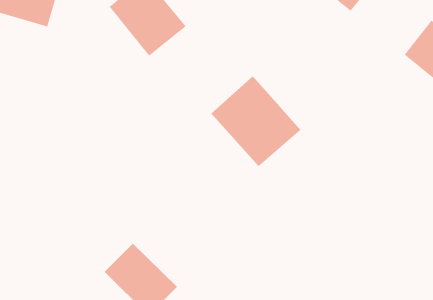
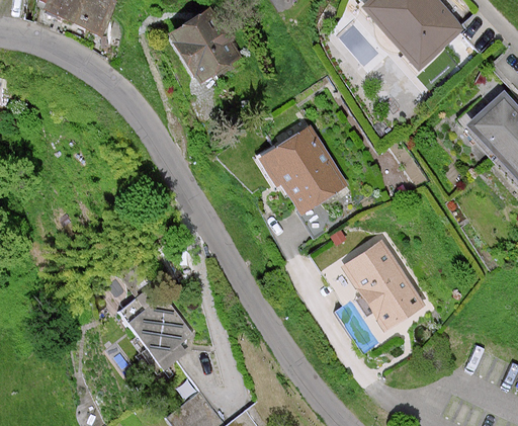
building: none -> [338,235,428,334]

